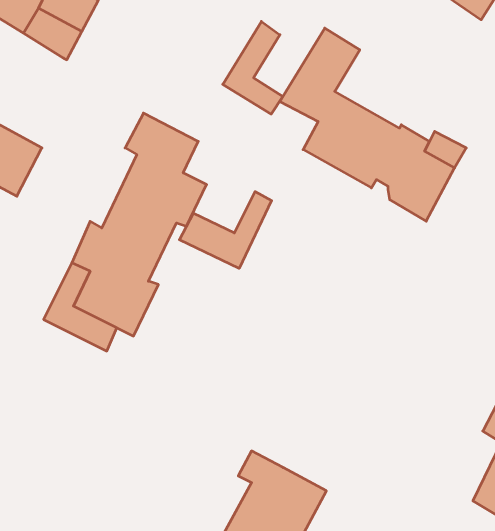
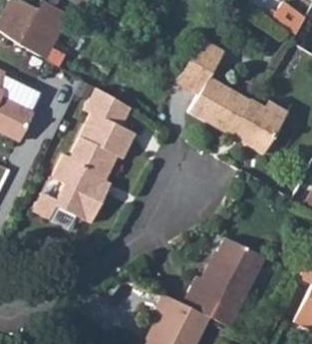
building: [223,21,283,114] -> none
building: [179,192,272,268] -> none
building: none -> [179,238,261,327]

